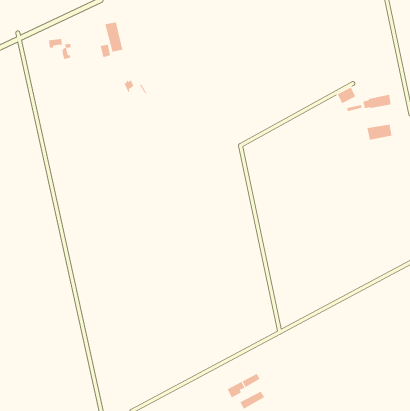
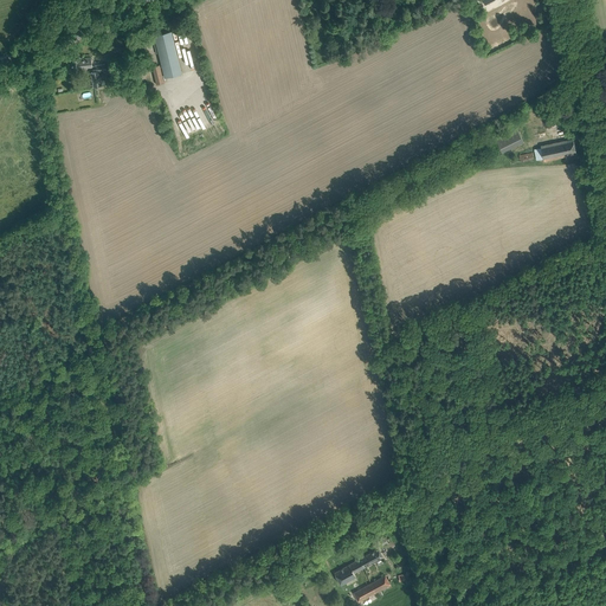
building: [367,124,392,141] -> none

